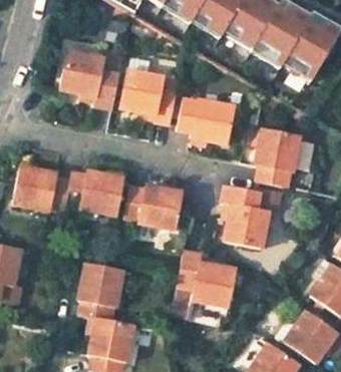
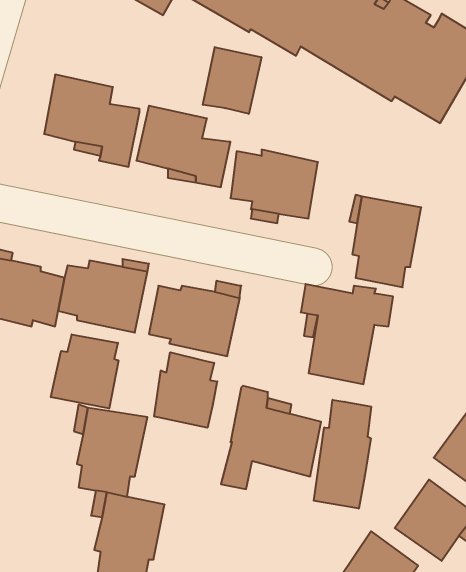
building: none -> [203,47,261,114]
building: none -> [51,334,118,409]
building: none -> [154,352,217,428]
building: none -> [314,400,371,509]

